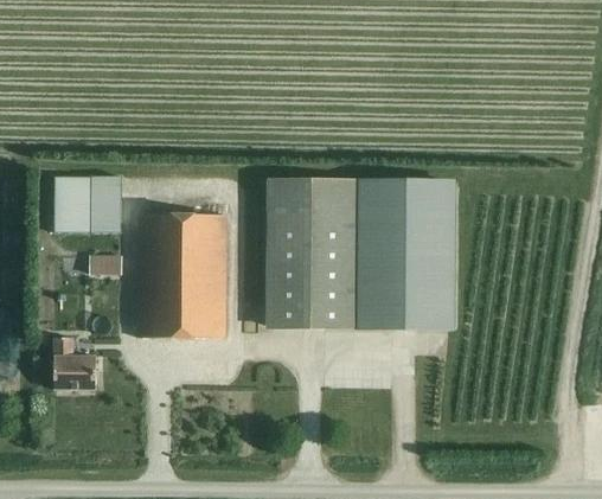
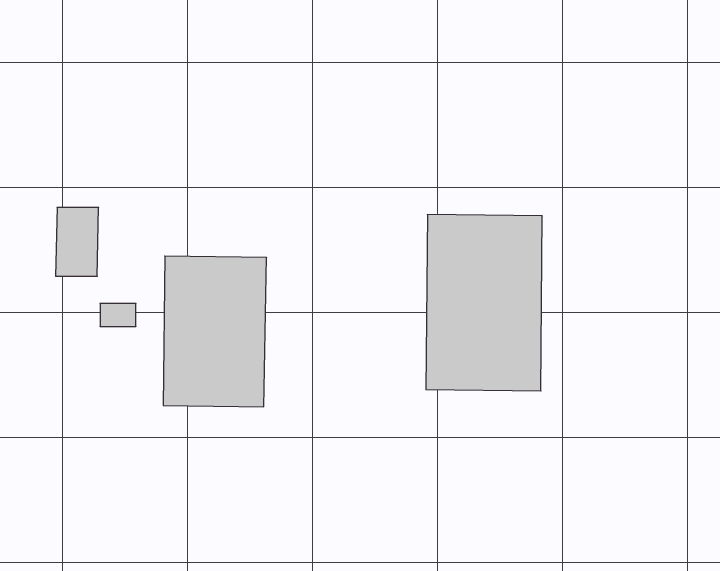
building: [88,175,121,233] -> none
building: [267,181,353,326] -> none
building: [53,337,96,389] -> none

